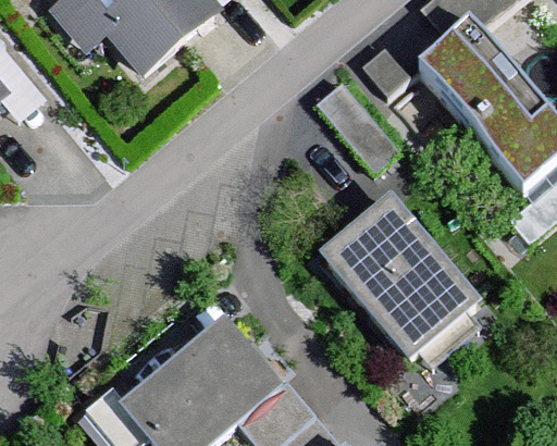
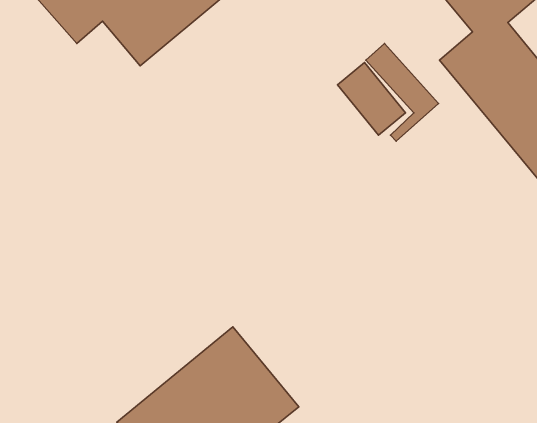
building: [326,194,485,359] -> none

